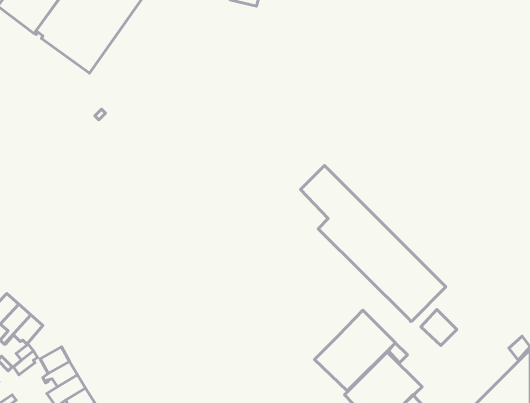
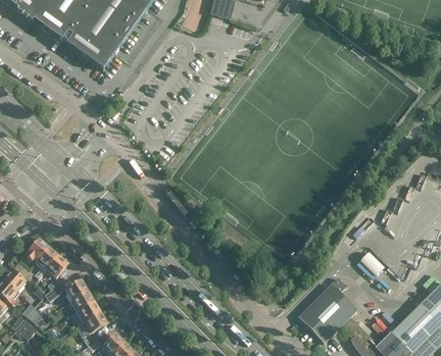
building: [301,165,446,322] -> none
building: [315,310,395,391] -> none

